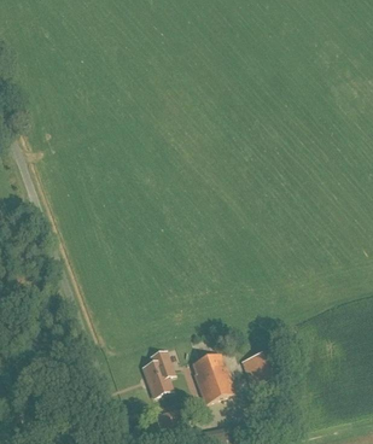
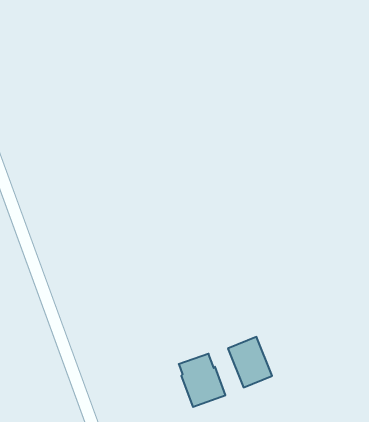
building: [141,351,173,396] -> none

